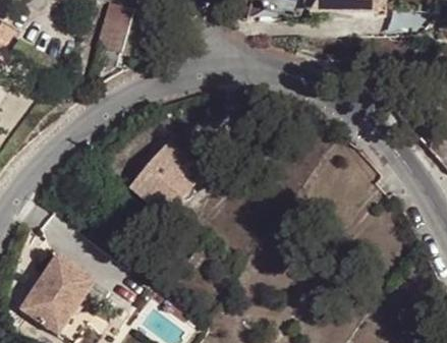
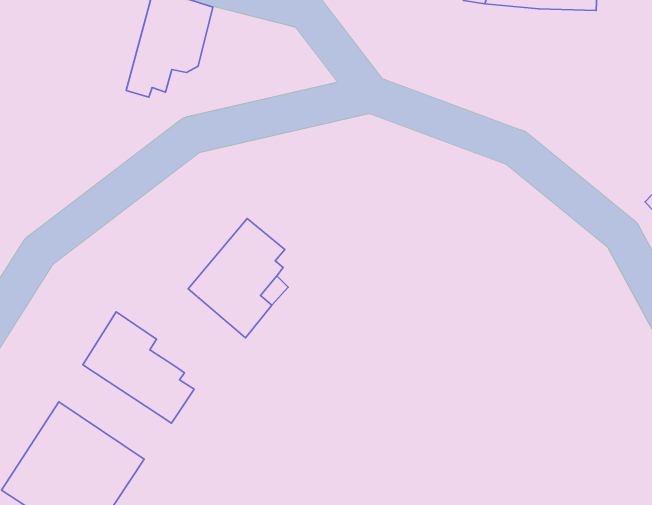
building: none -> [83,312,194,423]

